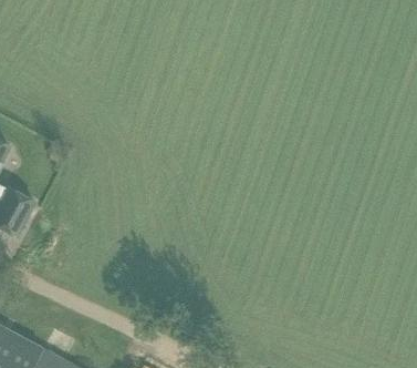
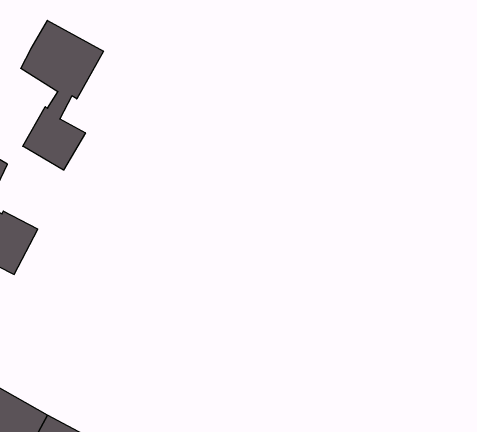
building: none -> [21,20,103,170]

